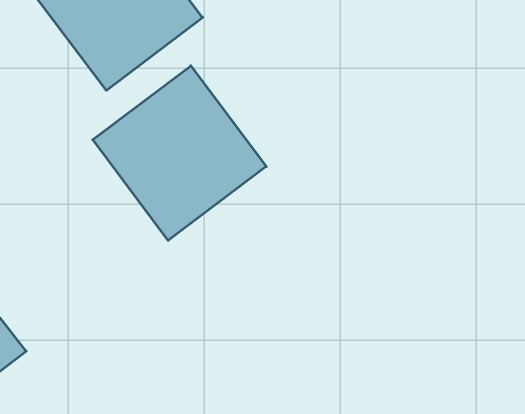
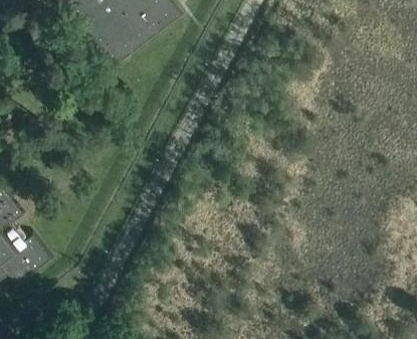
building: [93,66,266,240] -> none

